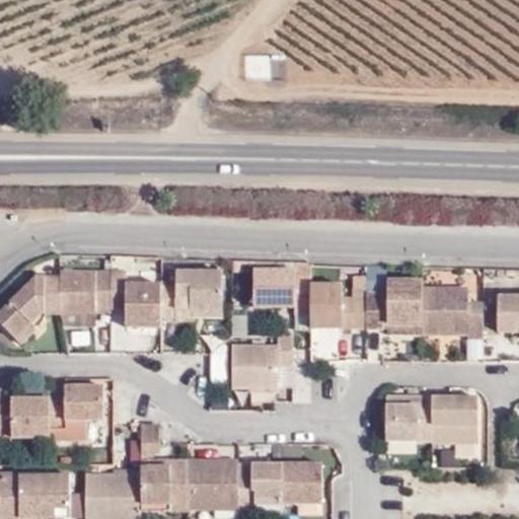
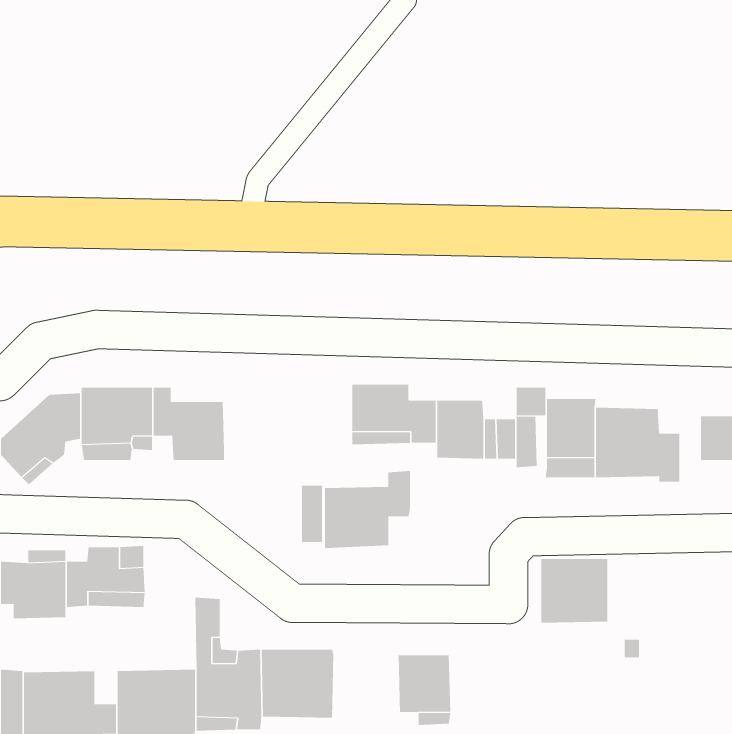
building: [160,271,220,317] -> none
building: [431,394,475,439] -> none
building: [237,462,284,514] -> none

